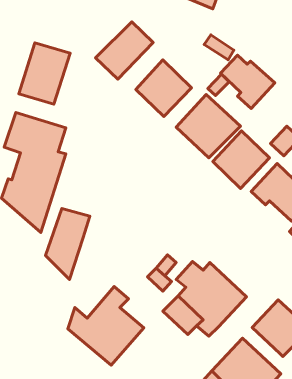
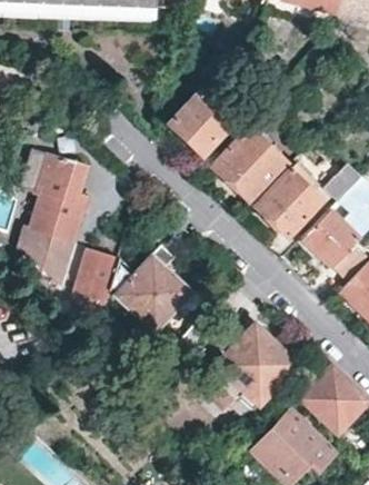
building: [96,22,153,79] -> none
building: [19,43,70,104] -> none
building: [220,55,275,109] -> none
building: [68,286,144,365] -> [107,245,195,336]

